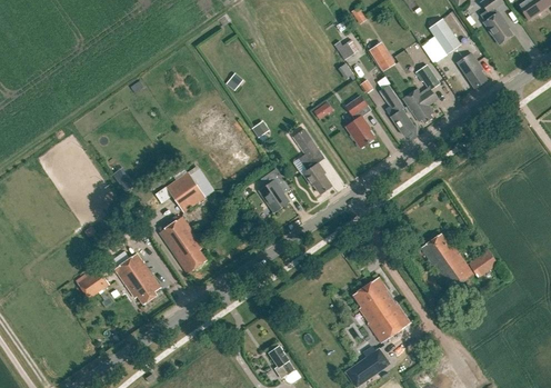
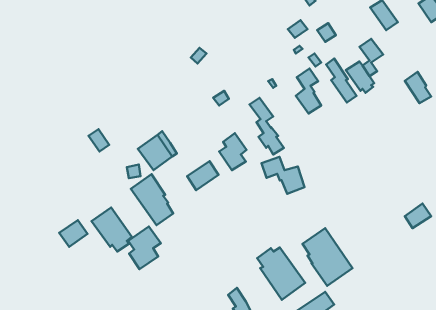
building: [457,52,487,88] -> [405,72,431,103]
building: none -> [262,157,304,194]
building: none -> [187,161,218,190]
building: [420,233,472,290] -> none
building: none -> [128,226,161,269]
building: none -> [257,248,305,300]

